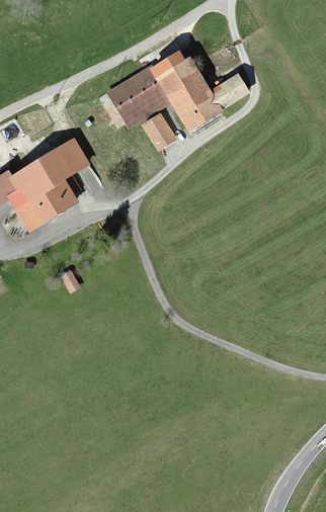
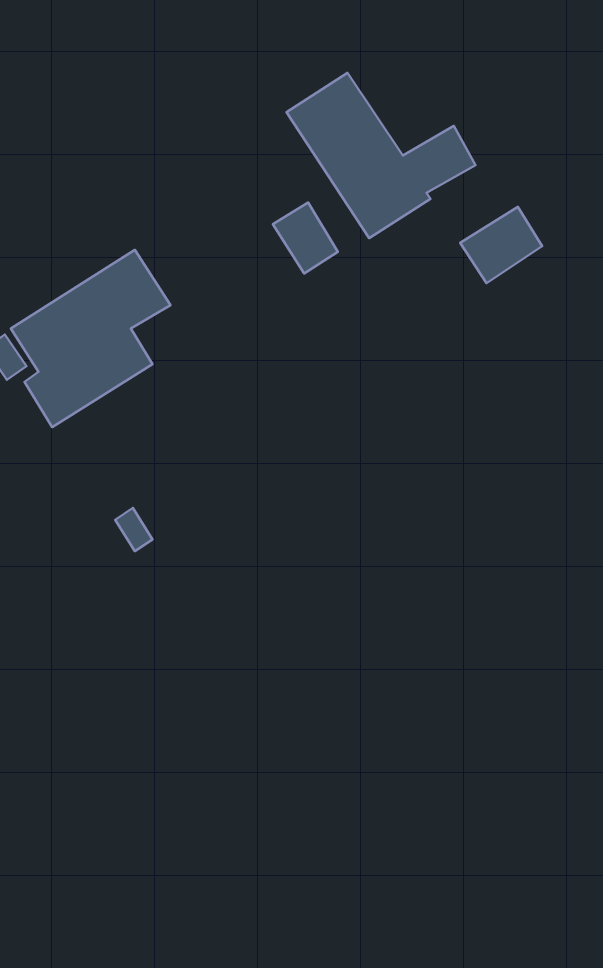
building: [105,68,168,129] -> none
building: none -> [460,207,542,283]

